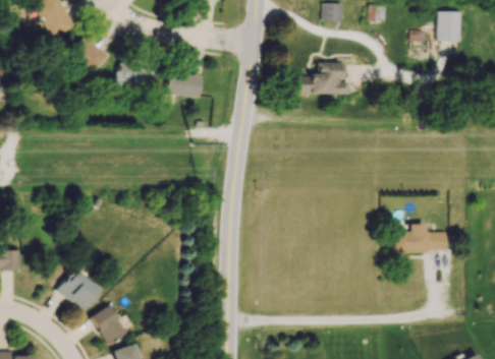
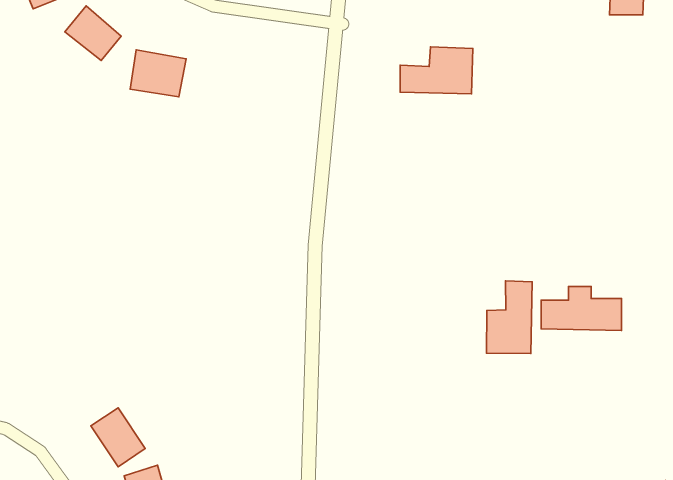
building: [168,74,202,101] -> none
building: none -> [487,281,532,354]
building: [58,270,101,311] -> none

